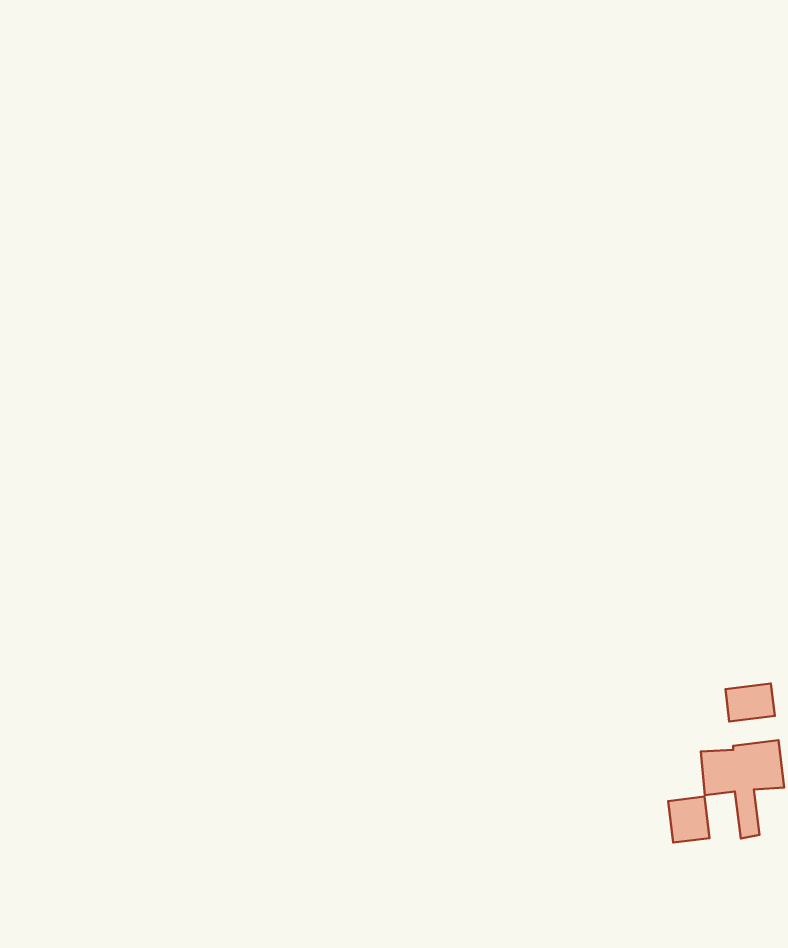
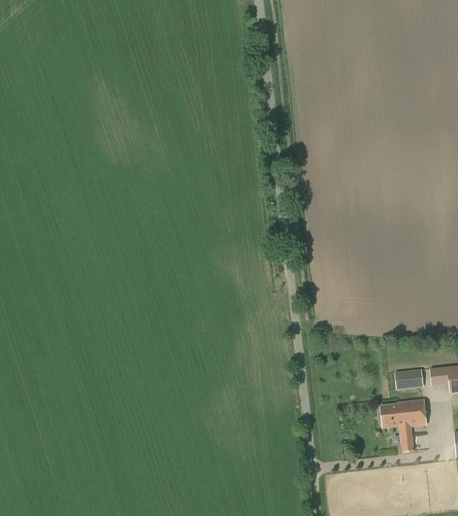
building: [668,796,710,843] -> none

